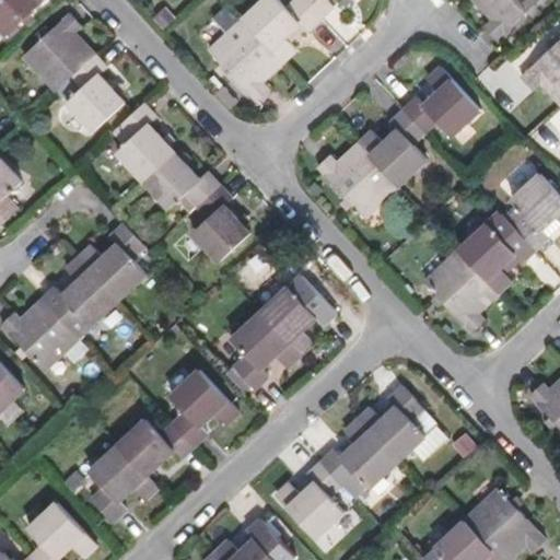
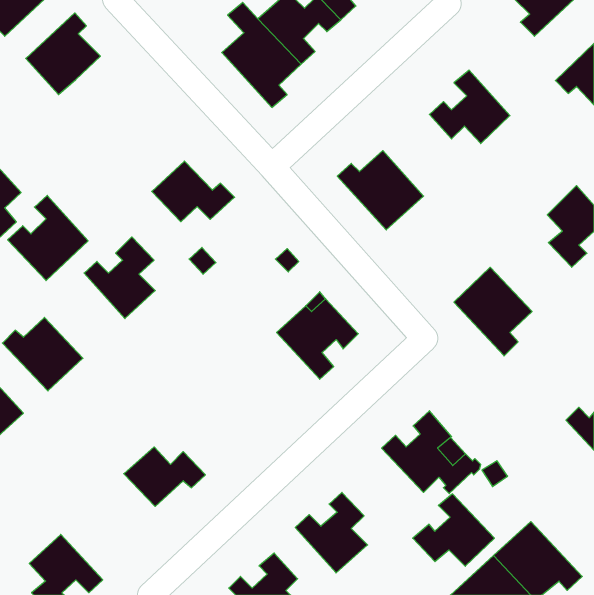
building: [67,52,124,130] -> none
building: [117,103,173,179] -> none
building: [359,107,425,184] -> none
building: [194,185,250,261] -> none
building: [459,224,536,292] -> none
building: [42,256,117,336] -> [8,195,88,281]
building: [230,312,300,389] -> none
building: [170,369,238,445] -> none
building: [320,420,397,488] -> [413,494,494,566]
building: [88,444,156,522] -> none

